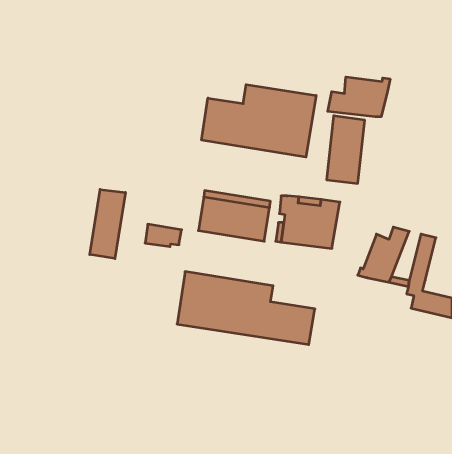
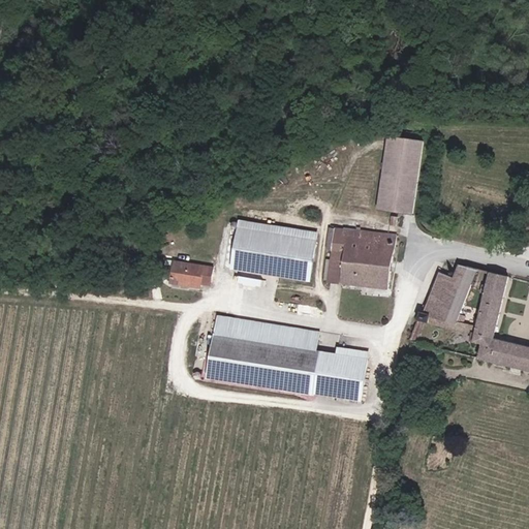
building: [328,77,390,117] -> none
building: [202,85,316,157] -> none
building: [90,189,125,259] -> none

